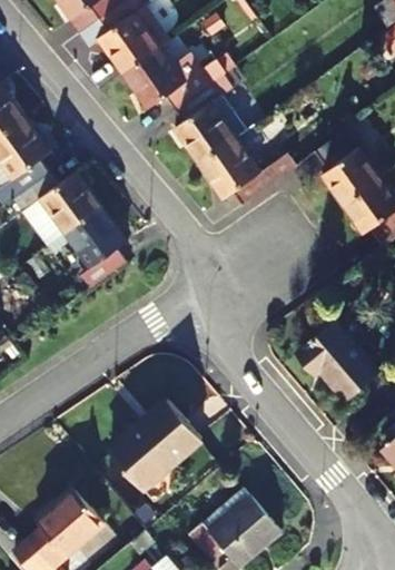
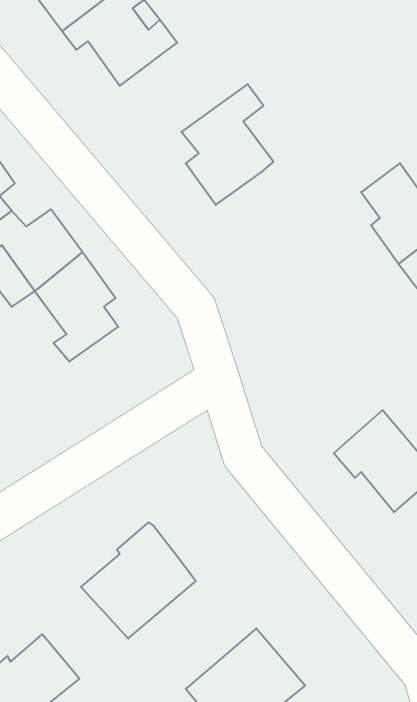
building: [130,45,240,107] -> none
building: [205,138,302,204] -> none

